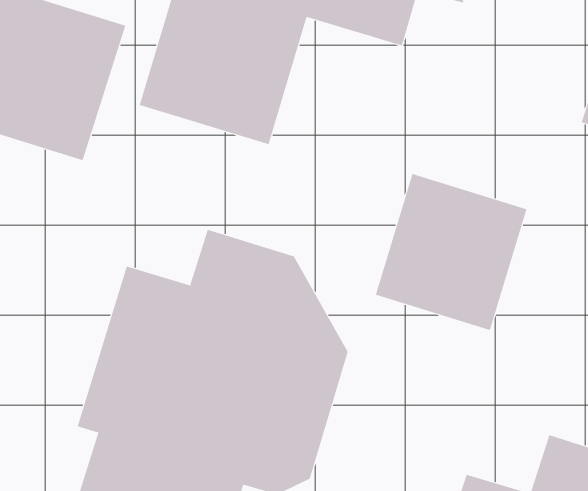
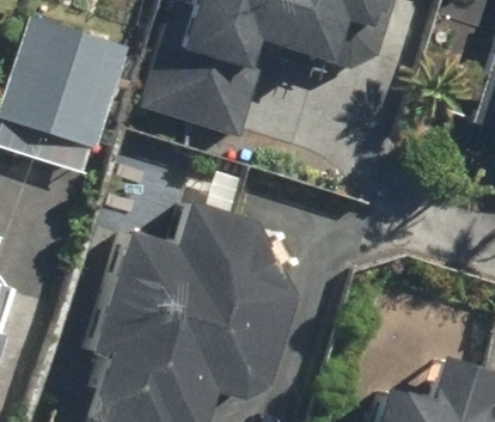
building: [375,173,527,331] -> none

